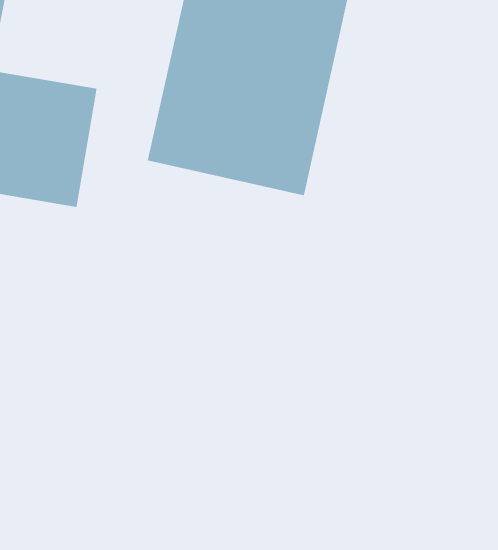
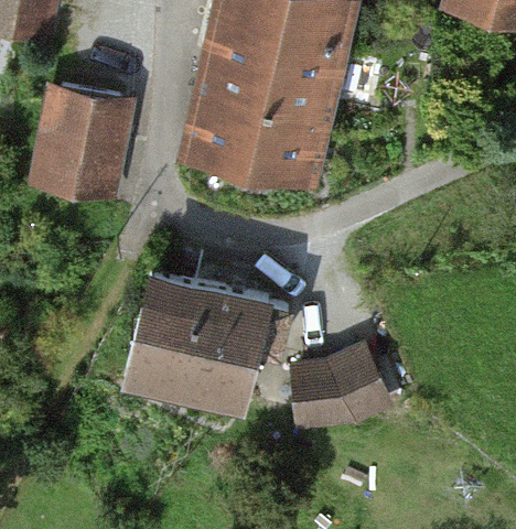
building: none -> [122,262,271,408]
building: none -> [289,348,394,429]

